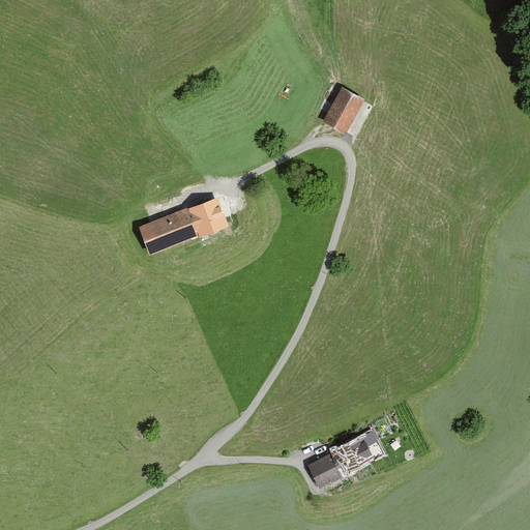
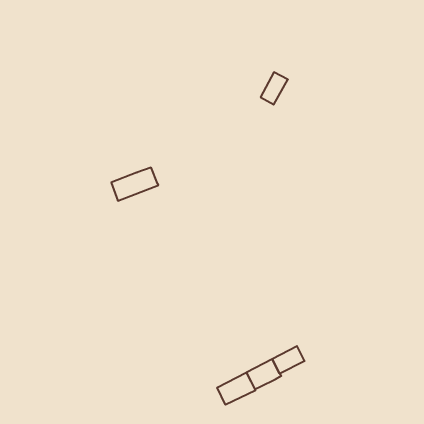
building: [188,197,224,229] -> none
building: none -> [217,373,255,405]

